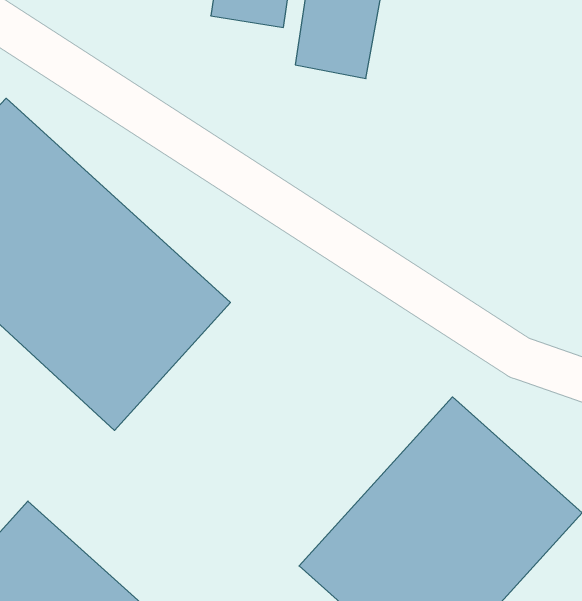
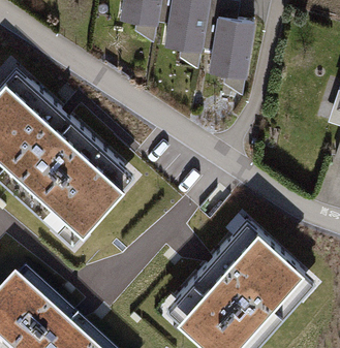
building: none -> [208,15,256,77]

